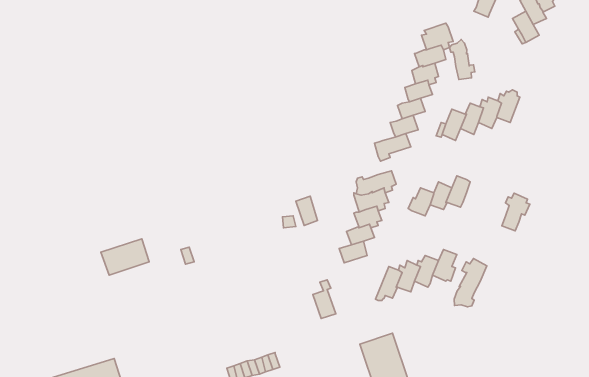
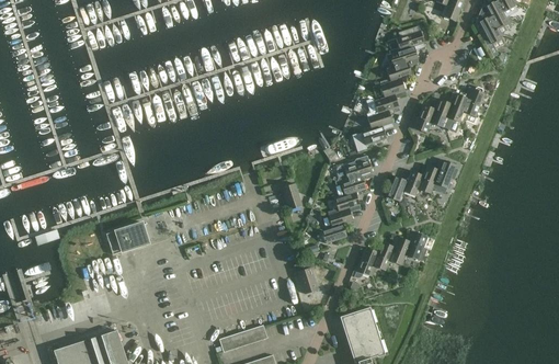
building: [449,39,475,79] -> none
building: [502,193,530,231] -> [433,159,458,193]
building: [454,258,487,307] -> none

